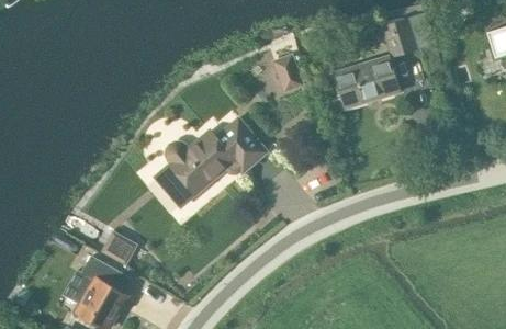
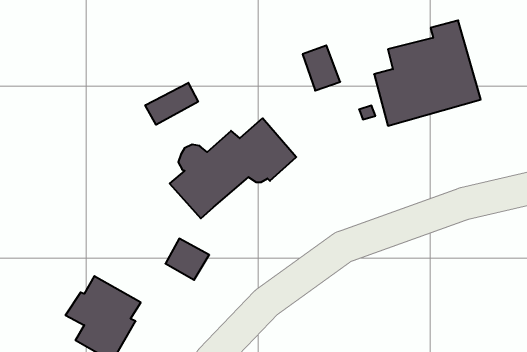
building: none -> [145,83,198,125]
building: [99,231,137,268] -> [165,239,209,280]

